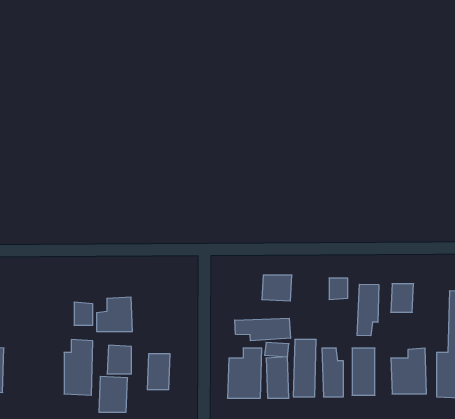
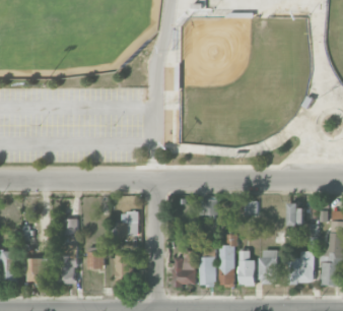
building: [357,284,379,336] -> none
building: [97,297,132,331] -> [114,211,139,236]
building: [235,318,291,341] -> none
building: [99,376,128,412] -> [26,257,47,283]

